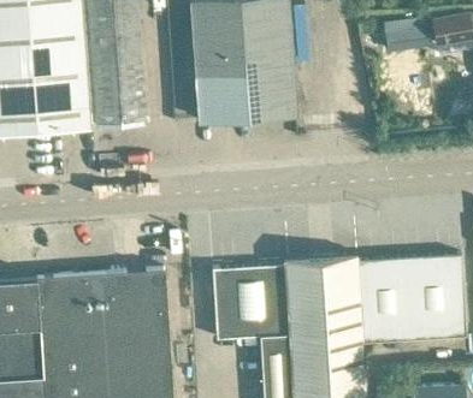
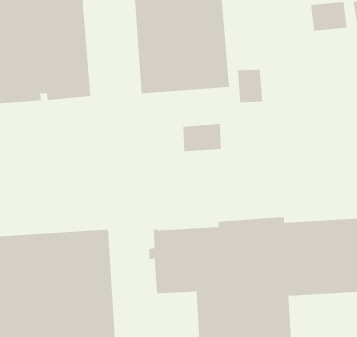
building: none -> [237,69,263,103]
building: none -> [183,123,221,152]

